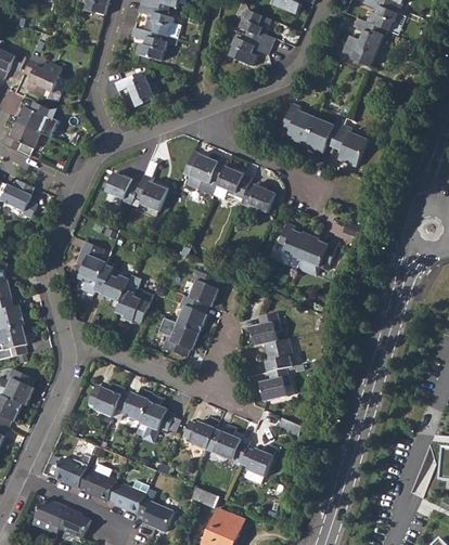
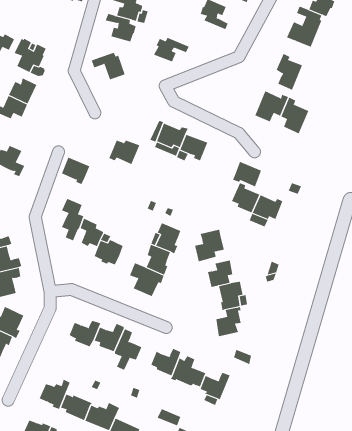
building: [228,35,270,64] -> [153,37,189,62]
building: [284,102,316,145] -> [276,53,303,90]
building: [105,171,139,204] -> [61,157,90,185]
building: [239,182,273,212] -> [232,161,262,187]
building: none -> [194,229,224,262]

